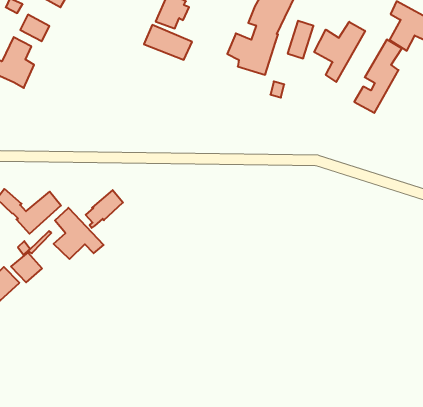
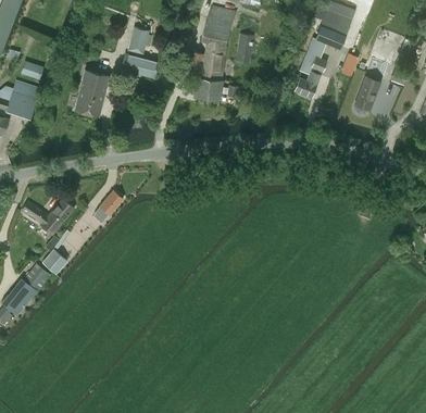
building: [314,22,365,82] -> none
building: none -> [75,71,109,116]
building: none -> [193,77,223,100]
building: [54,208,104,259] -> none

